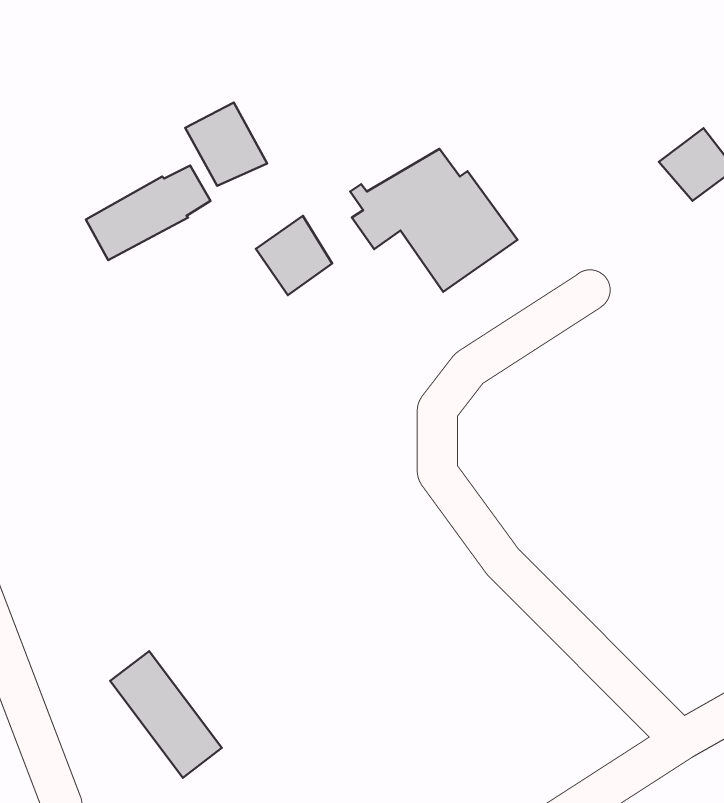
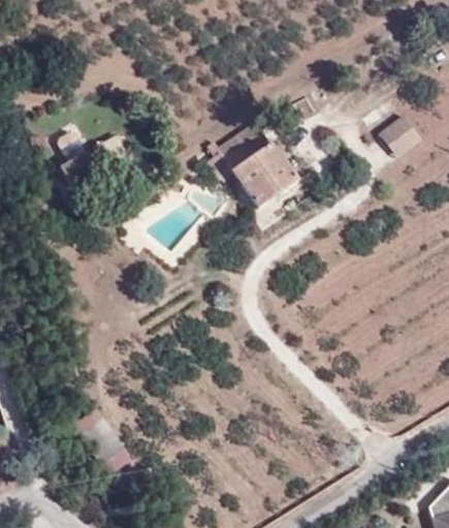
building: [185,102,267,186] -> none
building: [256,216,332,295] -> none

